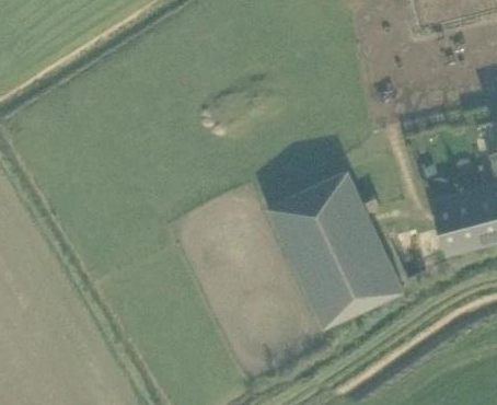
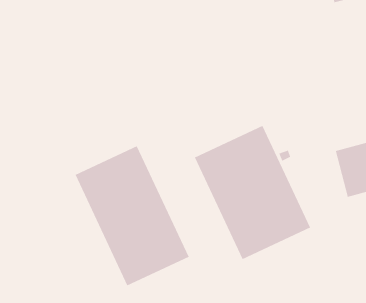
building: none -> [74,145,190,287]

